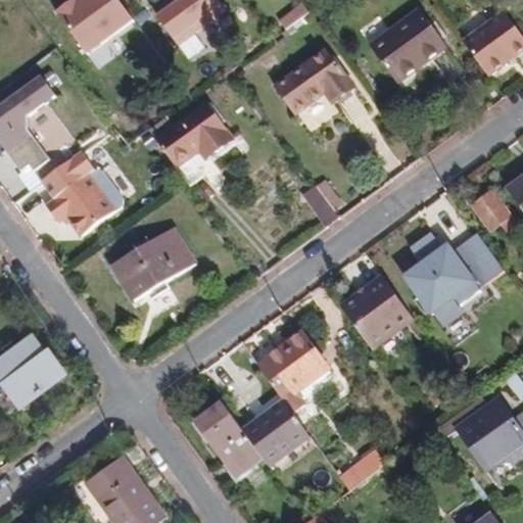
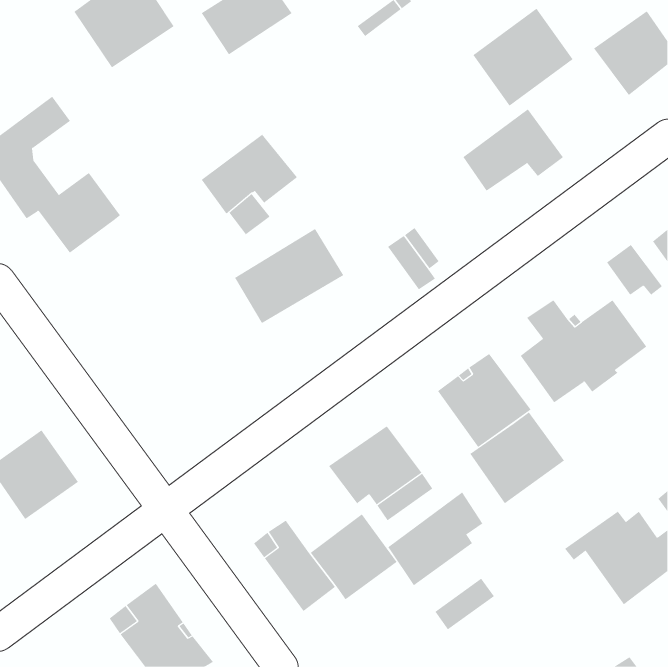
building: [274,48,352,112] -> [463,109,564,191]
building: [45,172,116,235] -> none
building: [110,226,196,300] -> [234,228,344,324]
building: none -> [470,411,565,504]
building: none -> [387,492,483,586]

